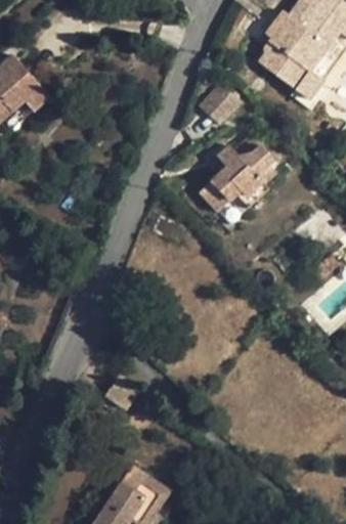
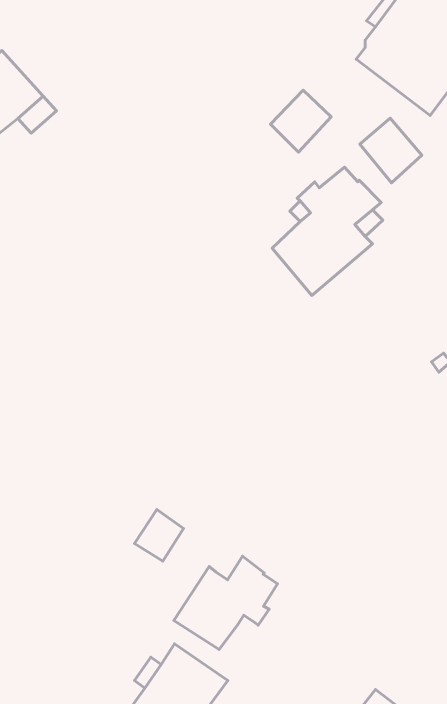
building: none -> [360,118,422,183]
building: none -> [174,556,278,650]

